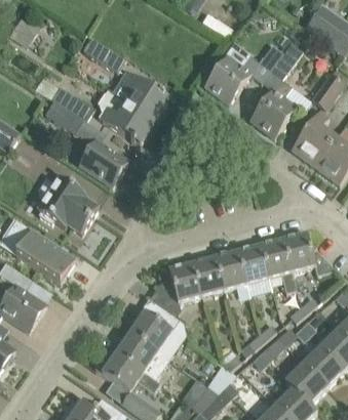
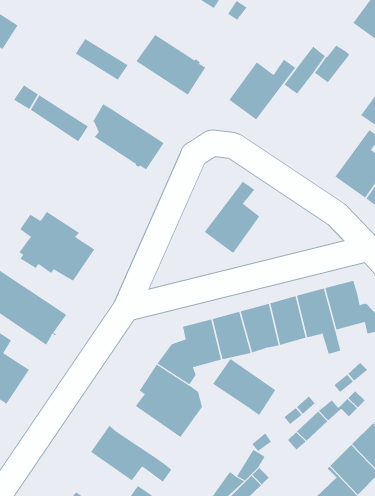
building: [112,73,168,122] -> [136,34,206,96]
building: [250,79,296,137] -> [204,181,260,254]
building: [45,98,85,133] -> none
building: [76,135,127,186] -> none
building: [116,332,167,378] -> [212,358,276,416]

